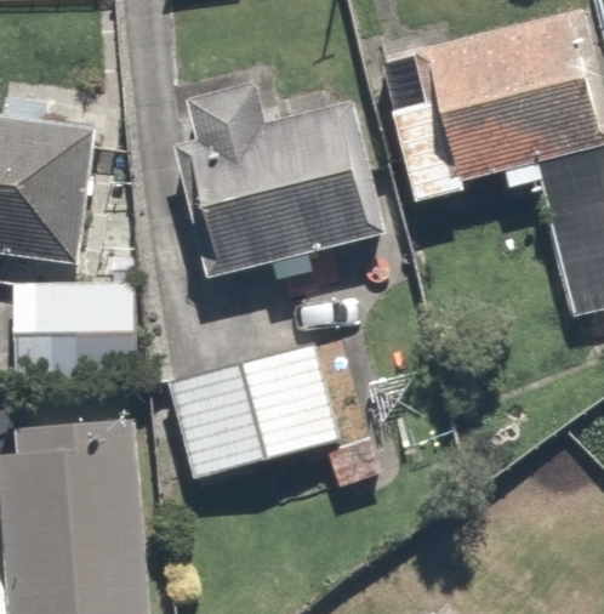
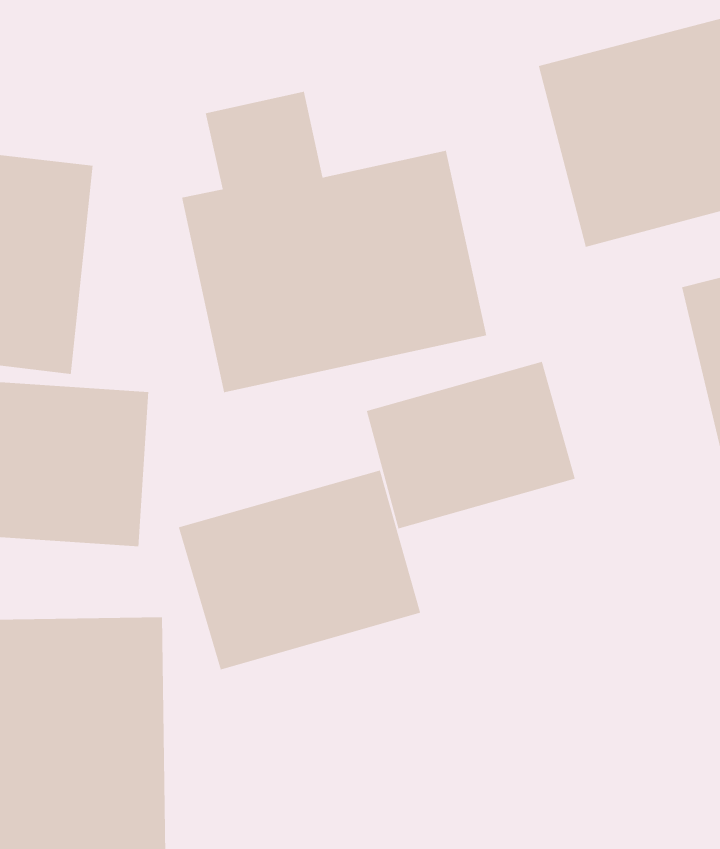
building: none -> [366,361,576,530]

